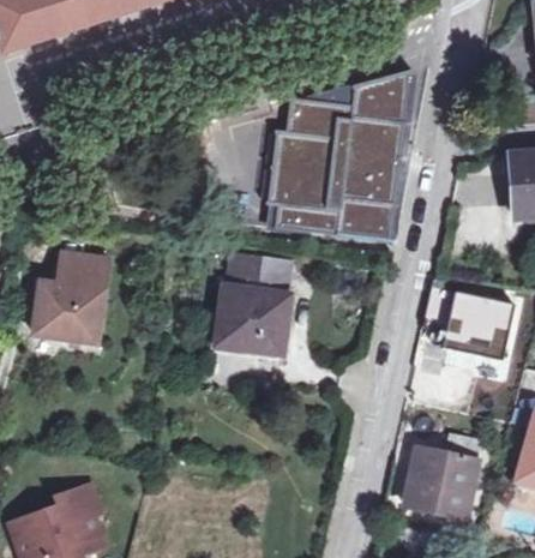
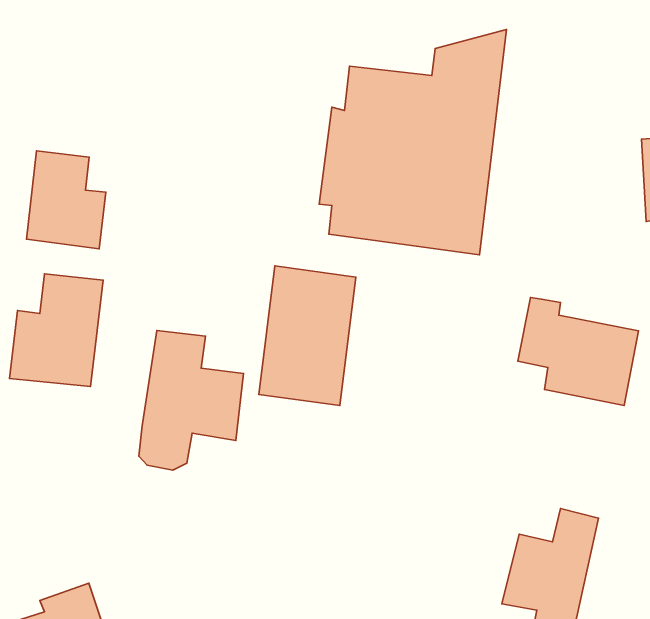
building: none -> [27,151,106,249]
building: none -> [139,331,244,470]

